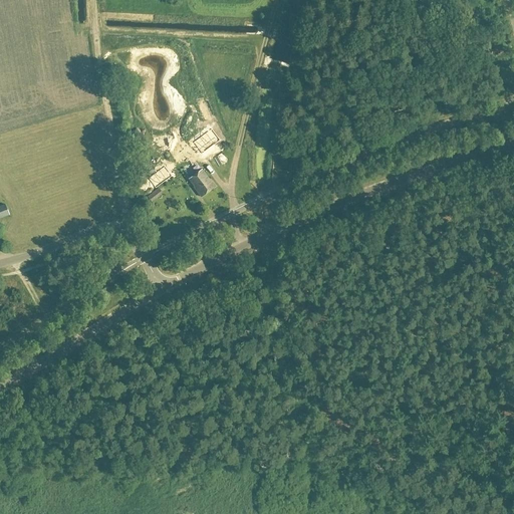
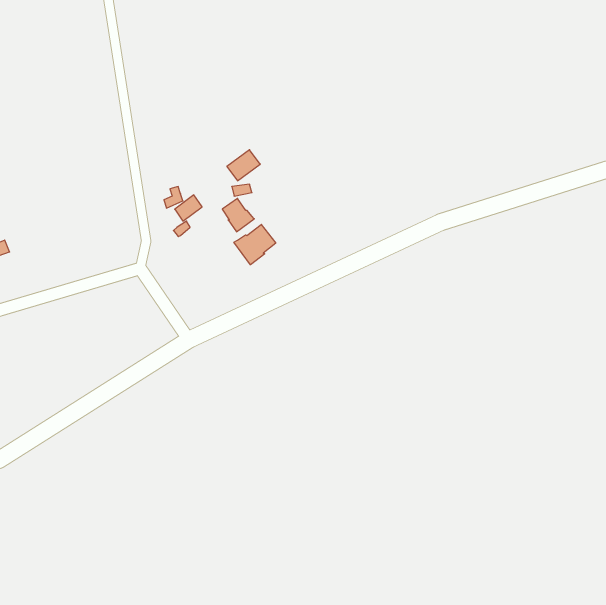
building: none -> [234,224,276,265]

